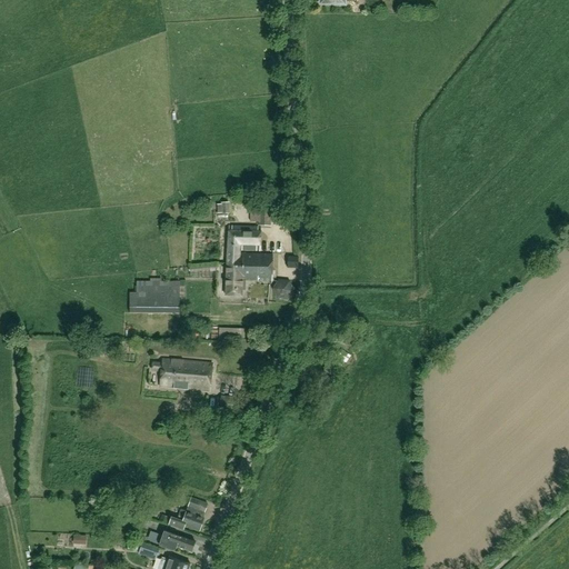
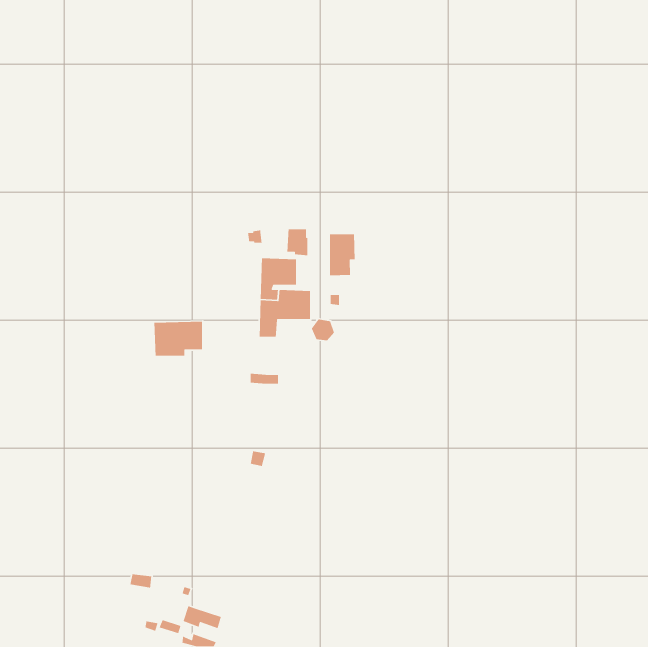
building: none -> [329,234,355,276]
building: [151,358,211,391] -> none
building: [169,497,207,530] -> none

